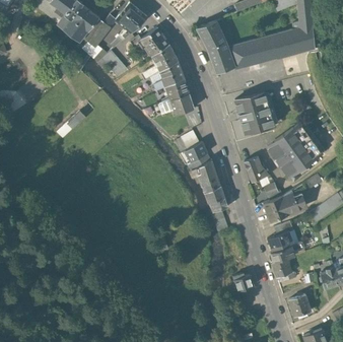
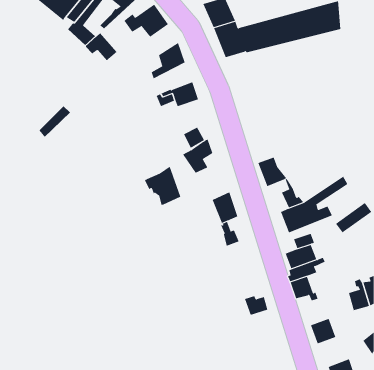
building: [141,44,177,79] -> none
building: [155,76,189,99] -> none
building: [234,92,274,133] -> none
building: [267,121,323,177] -> none
building: [189,159,220,193] -> [144,166,181,205]

